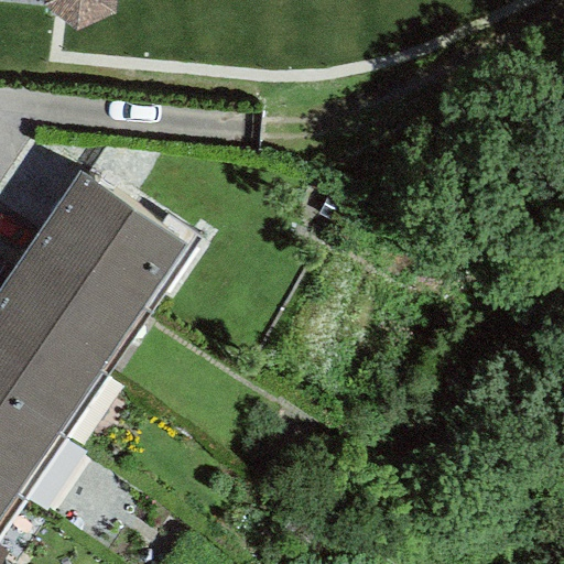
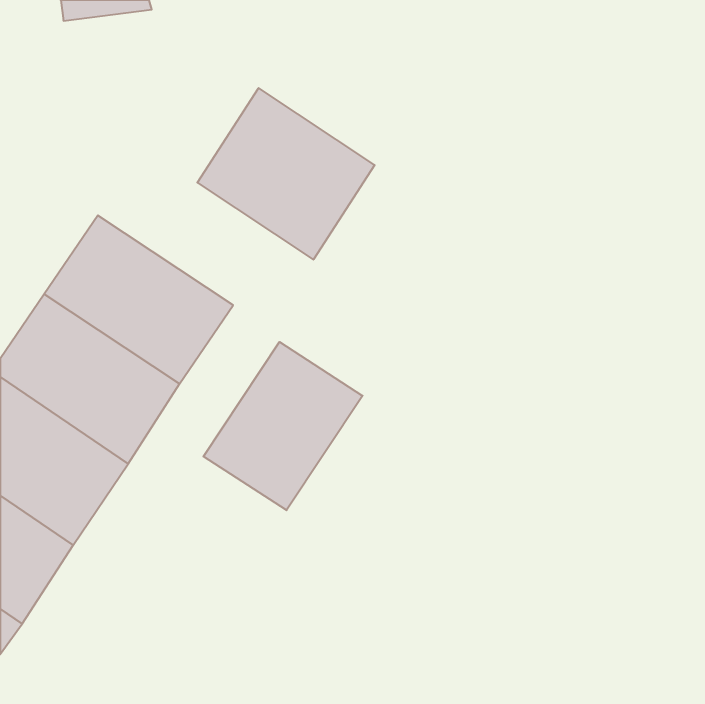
building: none -> [197,88,375,260]
building: none -> [203,342,363,510]

